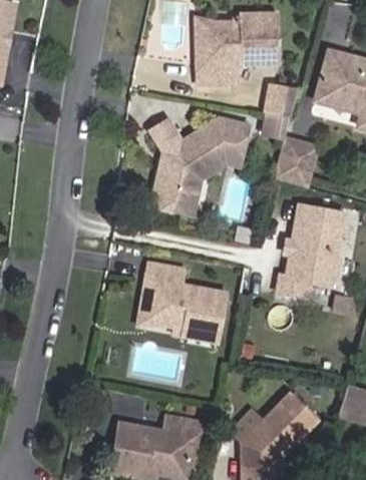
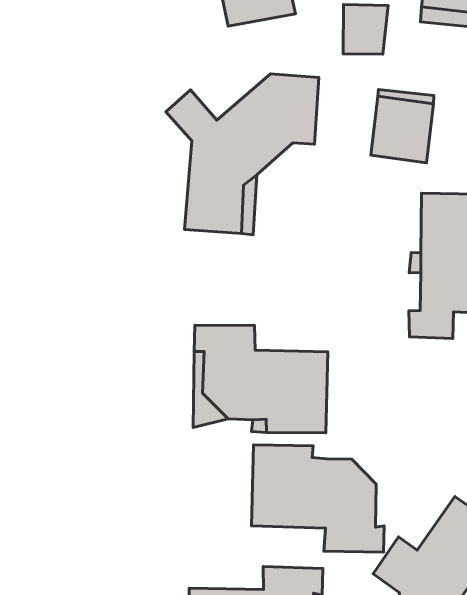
building: none -> [251,445,384,552]

